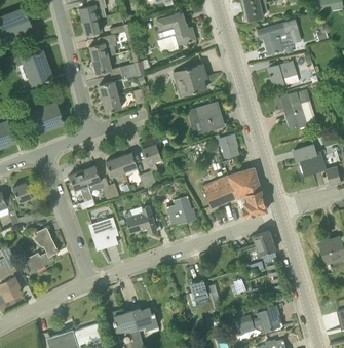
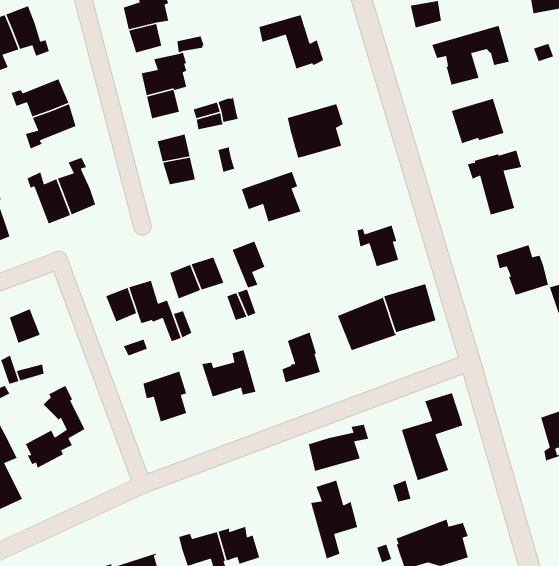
building: [187,102,222,131] -> [241,171,302,223]
building: [236,189,266,217] -> none
building: none -> [308,424,369,472]

